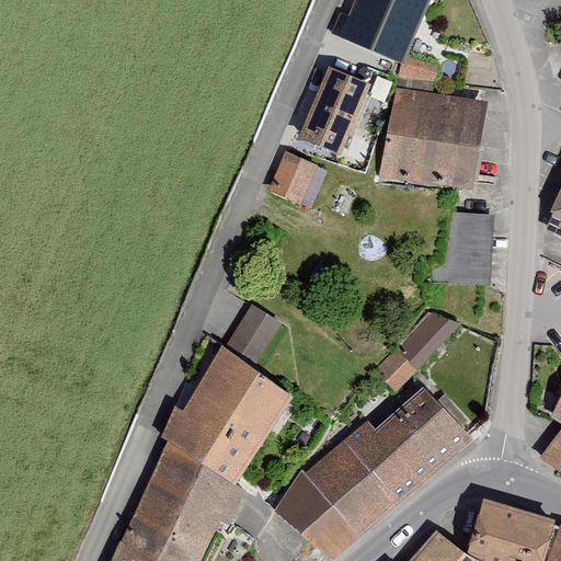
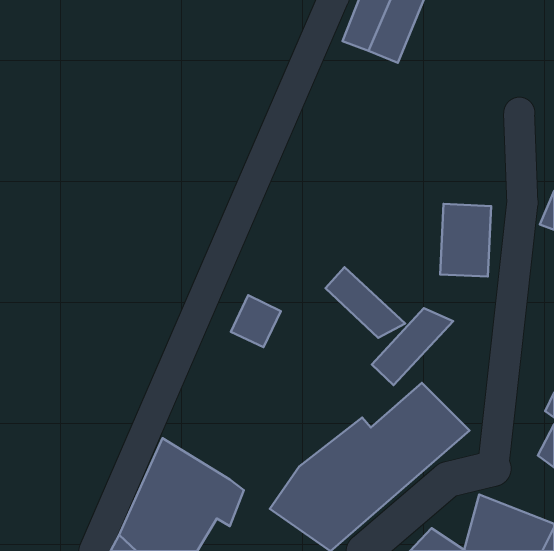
building: [299,70,370,158] -> none
building: [379,85,492,192] -> none
building: [270,153,316,204] -> none
building: none -> [325,267,405,338]
building: [164,353,293,484] -> none

